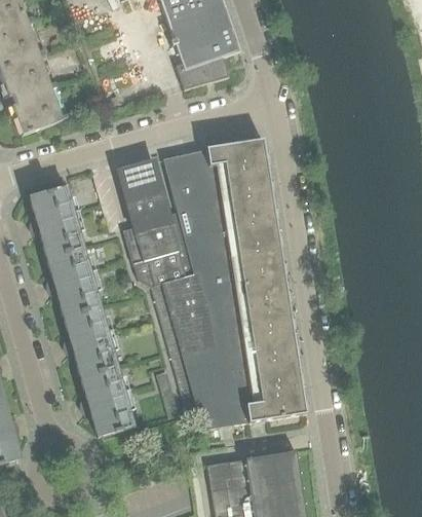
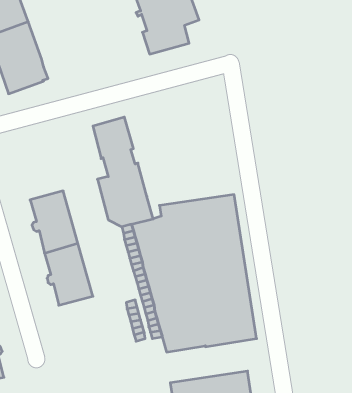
building: [163,138,279,262] -> none
building: [30,184,84,255] -> none
building: [79,365,135,436] -> none

